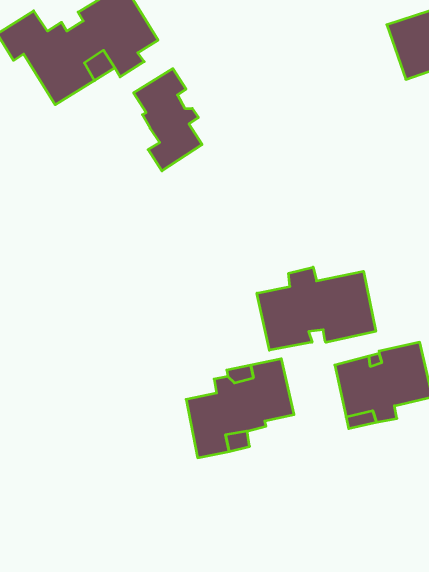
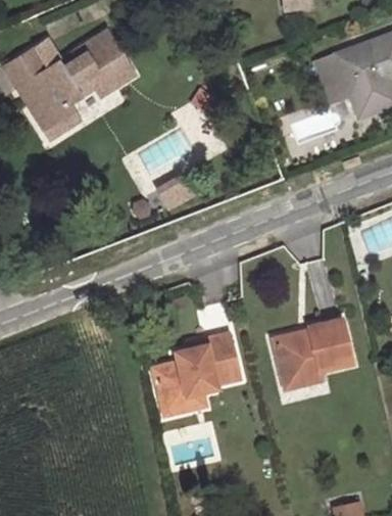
building: [134,69,202,171] -> none
building: [257,267,376,350] -> none

